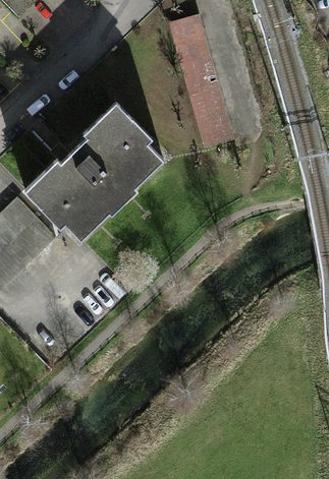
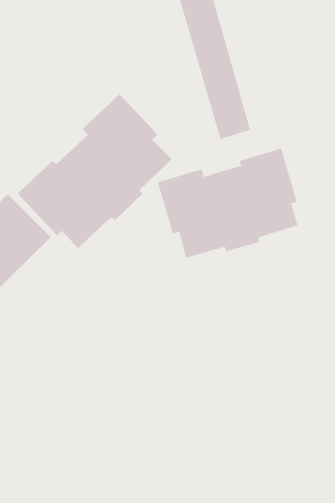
building: none -> [157,148,298,259]

